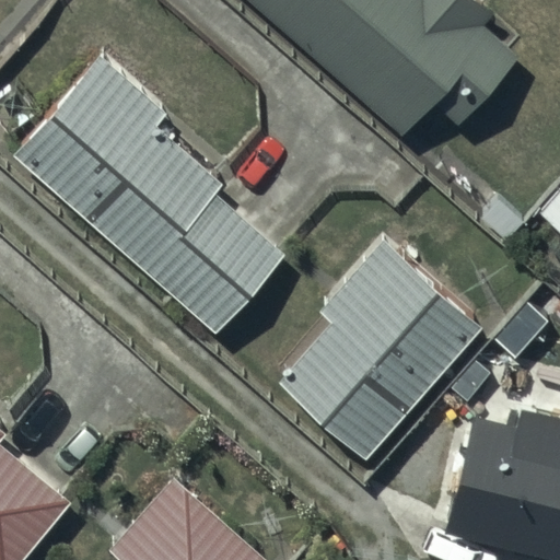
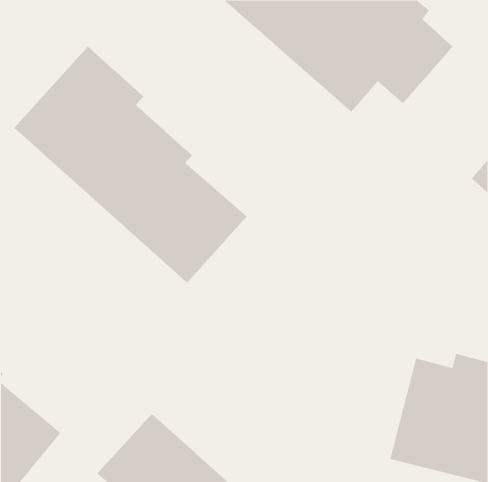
building: [280,241,482,458] -> none

